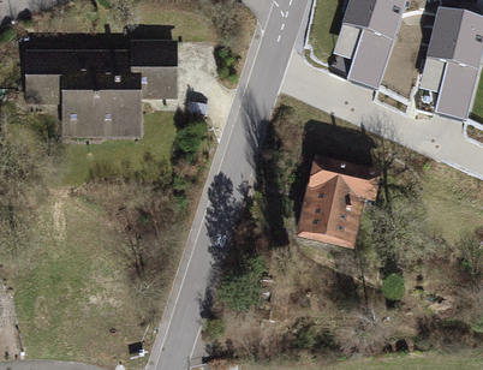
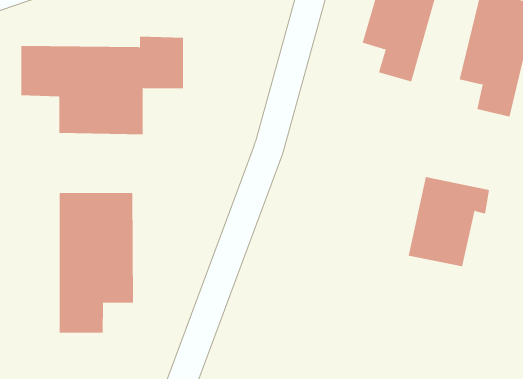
building: [304,162,377,243] -> [408,176,490,267]
building: none -> [59,192,133,334]

